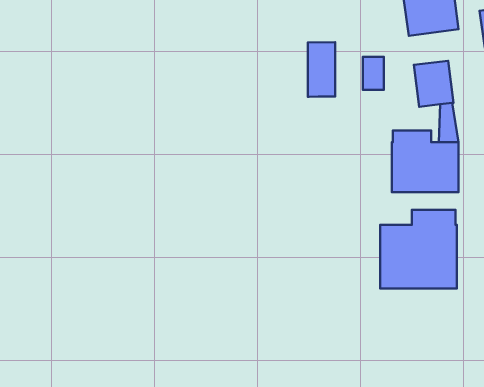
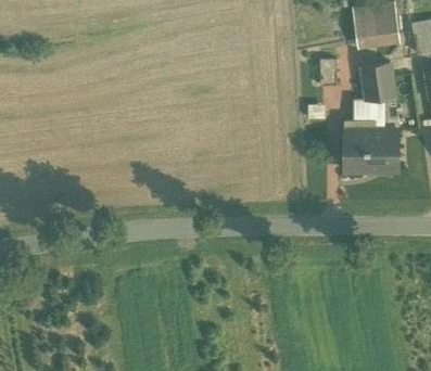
building: [308,42,335,97] -> none
building: [380,210,457,288] -> none

